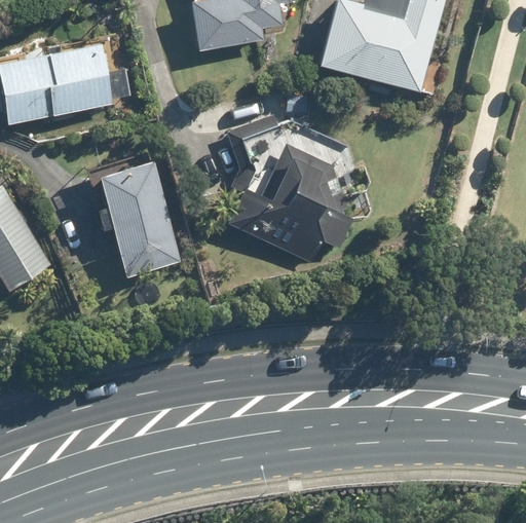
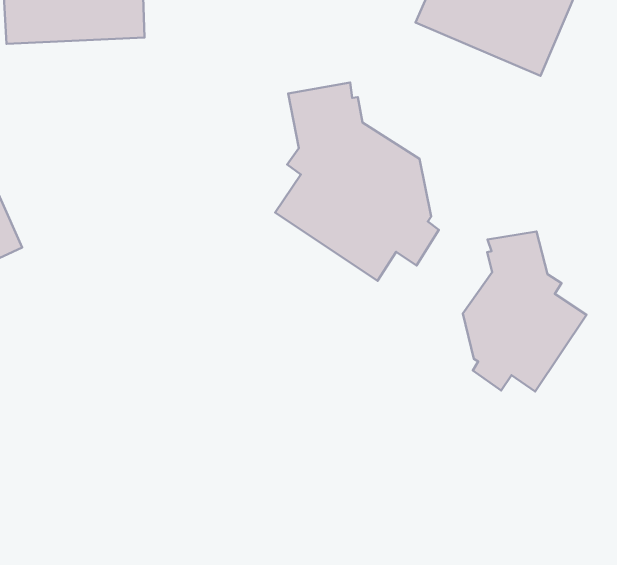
building: [95,161,175,279] -> none
building: none -> [463,231,586,392]

